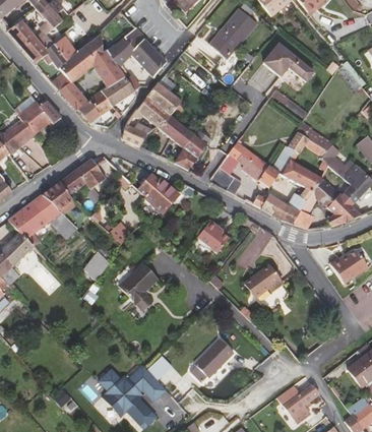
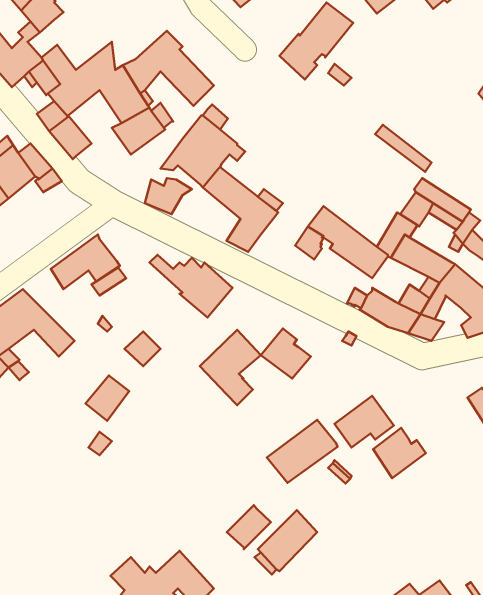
building: [263,43,313,80] -> none
building: [76,89,112,124] -> none
building: [208,166,242,193] -> none
building: [42,181,80,228] -> none
building: [118,262,158,311] -> [200,330,261,405]
building: none -> [267,420,337,483]
building: none -> [373,428,426,478]
building: none -> [227,505,271,549]

